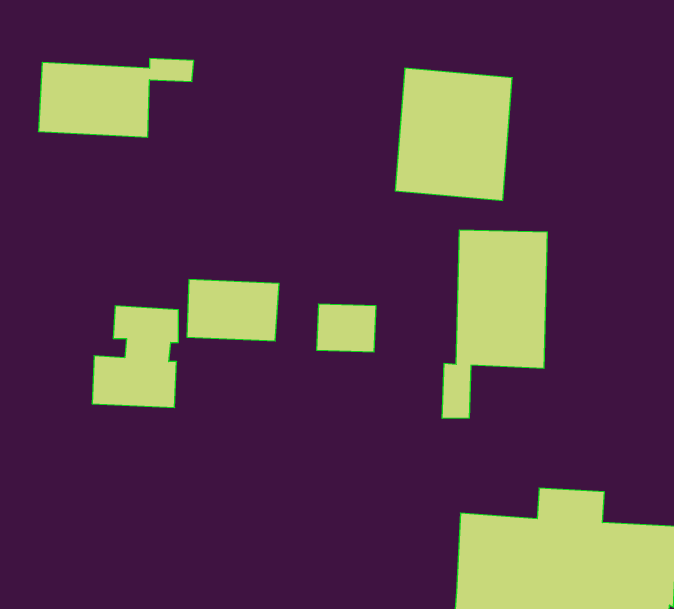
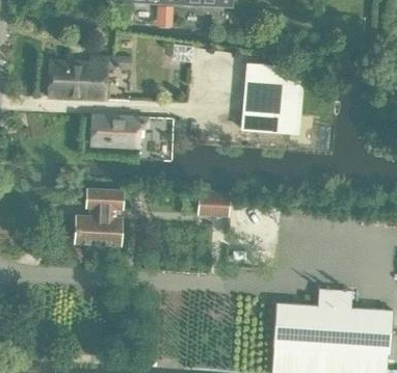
building: [442,230,547,418] -> none
building: [187,280,279,341] -> [90,114,140,148]

